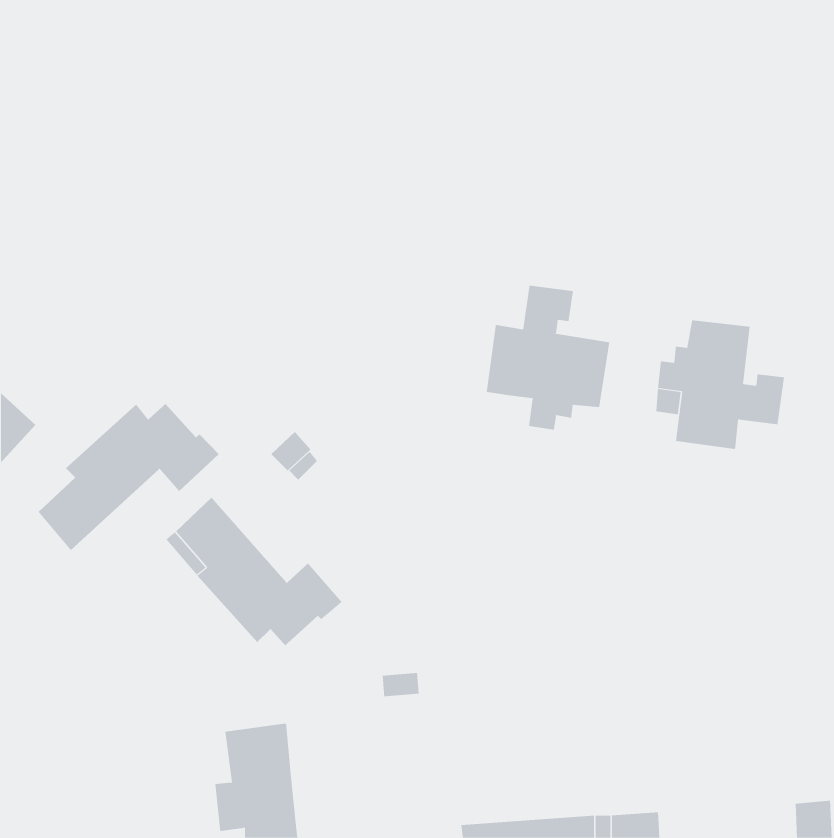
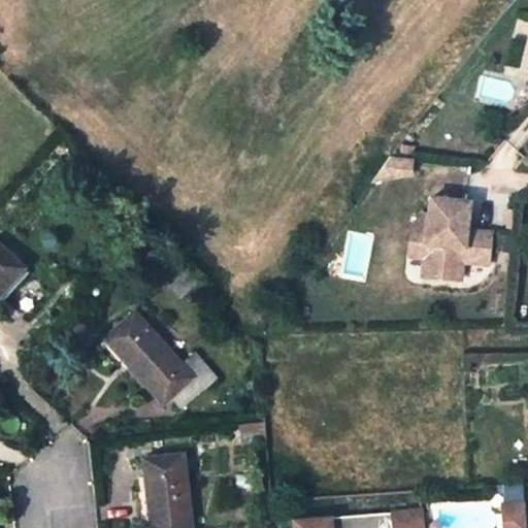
building: [486,285,610,430] -> none
building: [38,403,219,551] -> none

